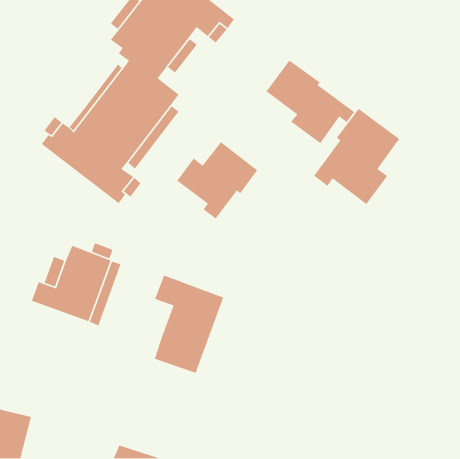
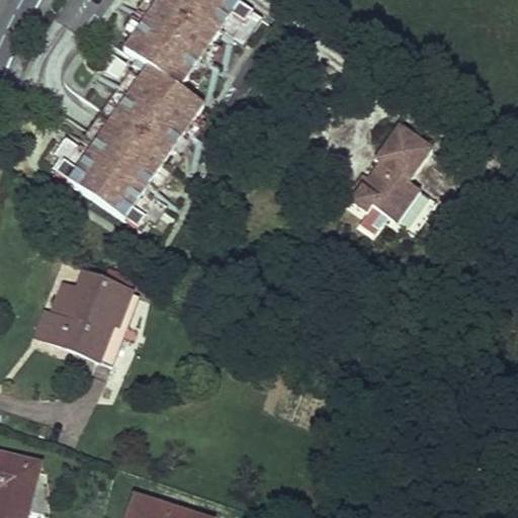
building: [266,59,355,144] -> none
building: [176,141,258,220] -> none
building: [154,275,224,374] -> none

